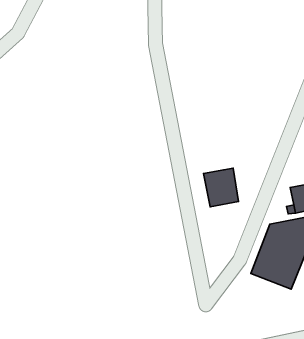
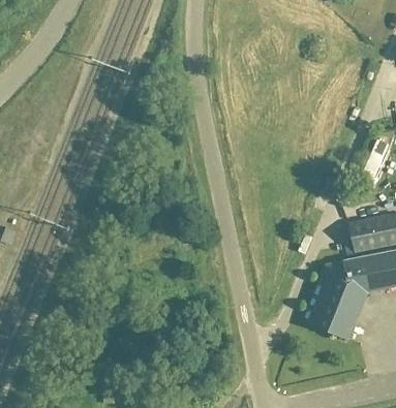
building: [204,168,238,207] -> none

